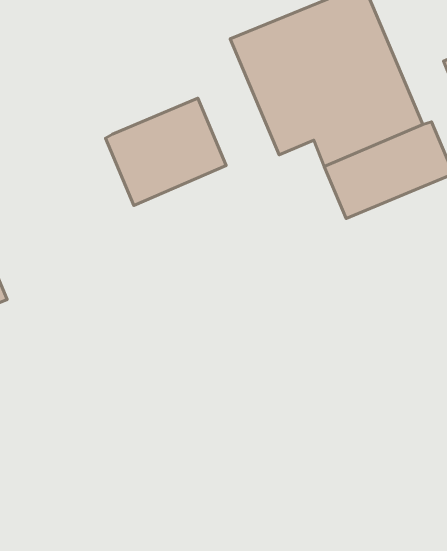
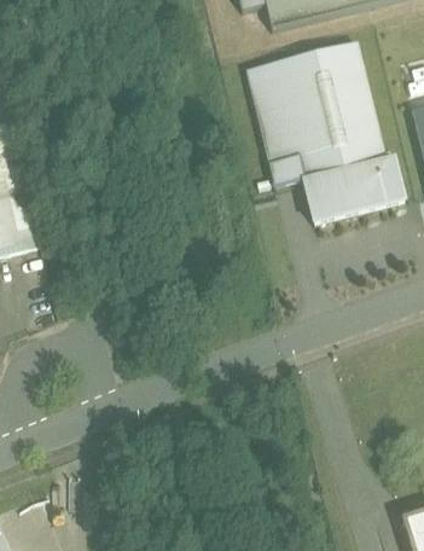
building: [105,98,226,205] -> none

